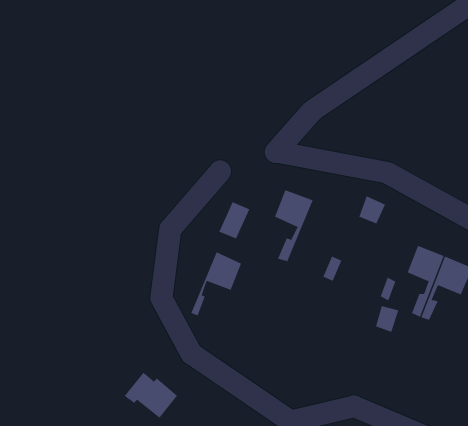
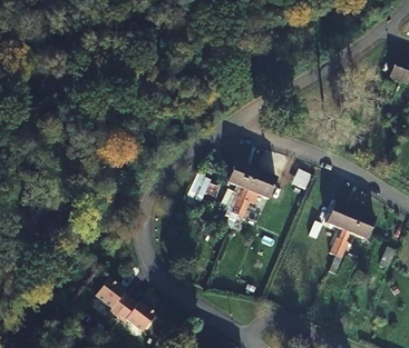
building: [191,251,242,316] -> [237,170,275,218]
building: none -> [95,276,130,315]

